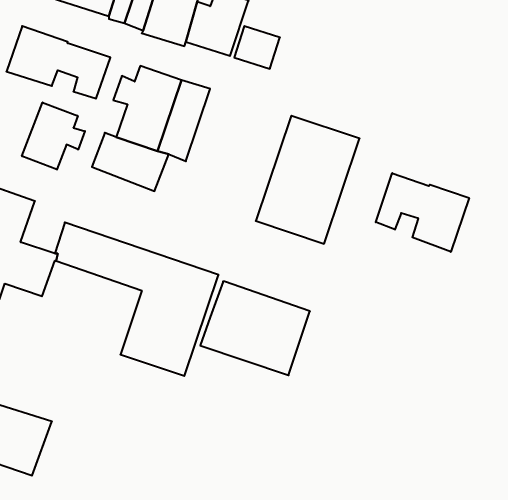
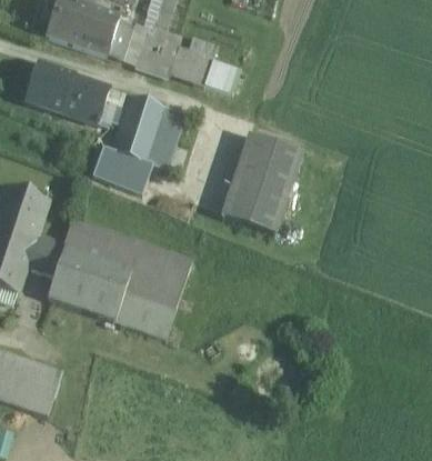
building: [22,102,85,170] -> none
building: [376,173,469,252] -> none
building: [200,281,310,375] -> [47,245,132,319]

